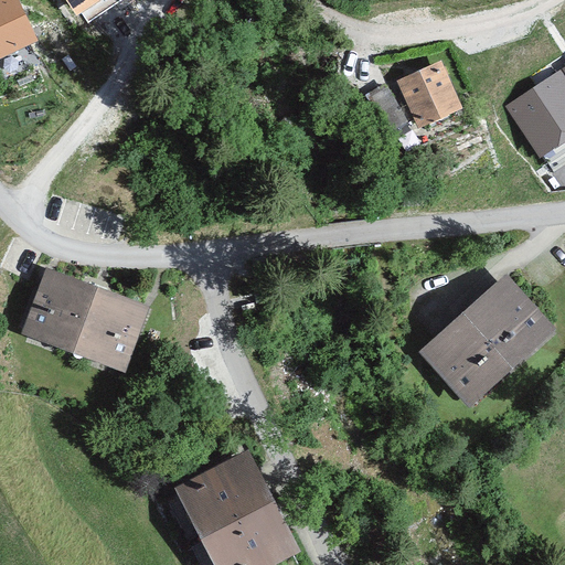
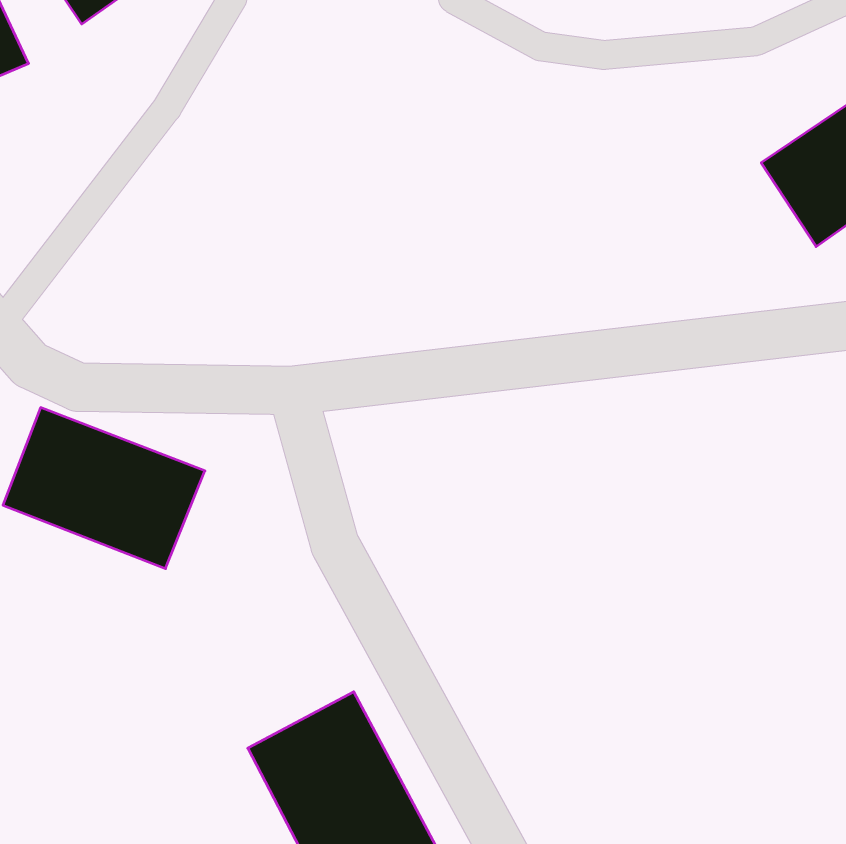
building: [399,64,462,127] -> none
building: [428,284,551,401] -> none

